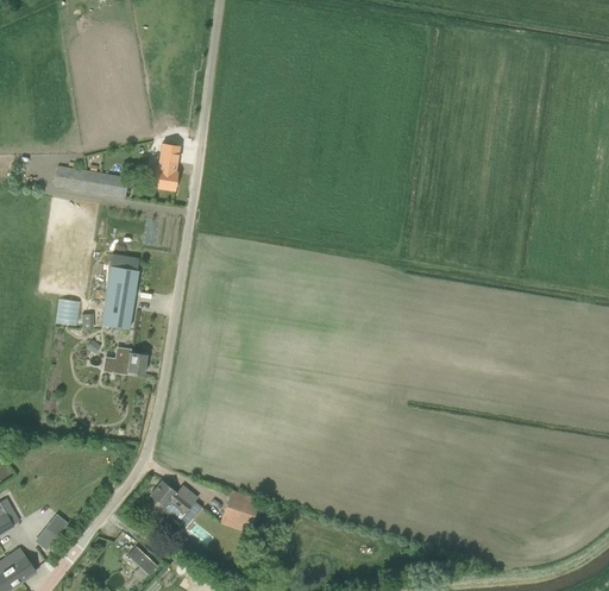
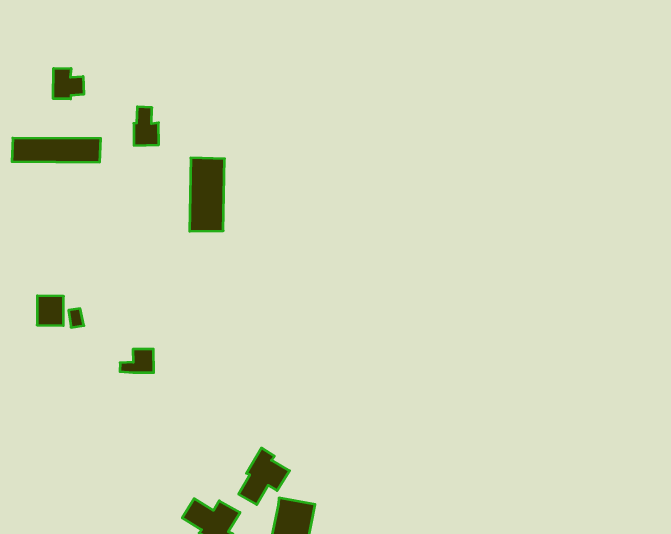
building: none -> [53,68,84,99]
building: [101,265,138,328] -> [190,158,225,231]
building: none -> [239,448,290,505]

